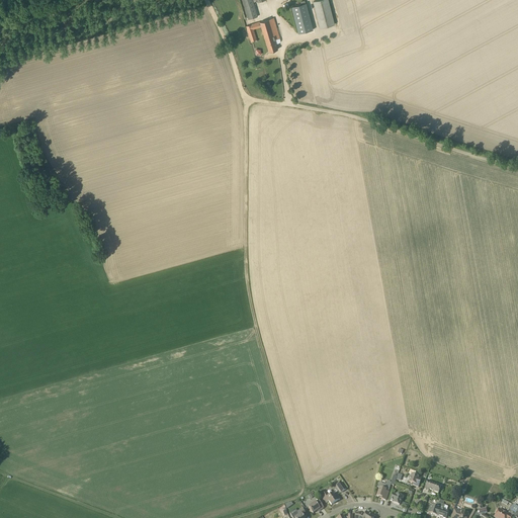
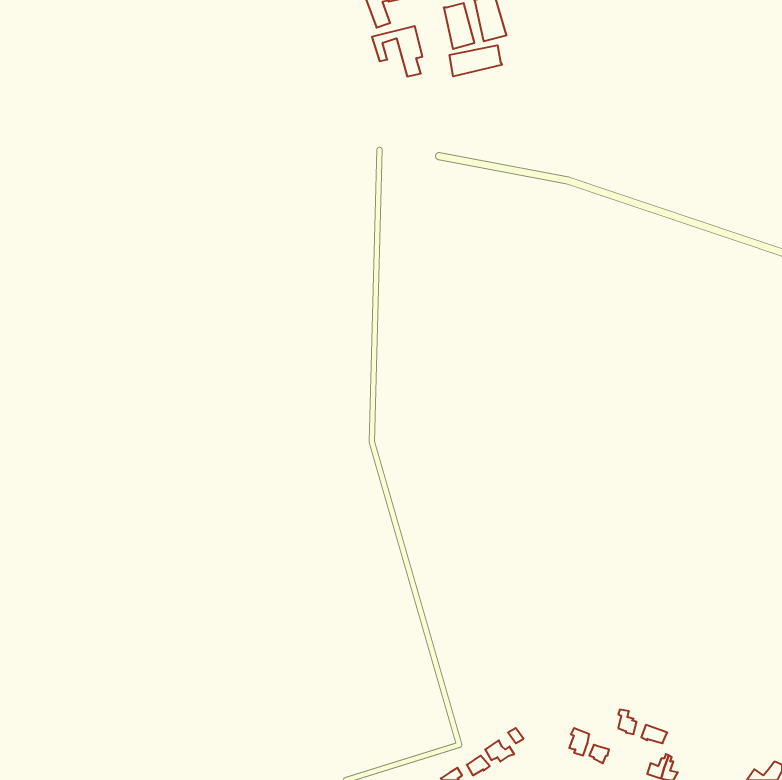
building: none -> [449,45,502,76]

